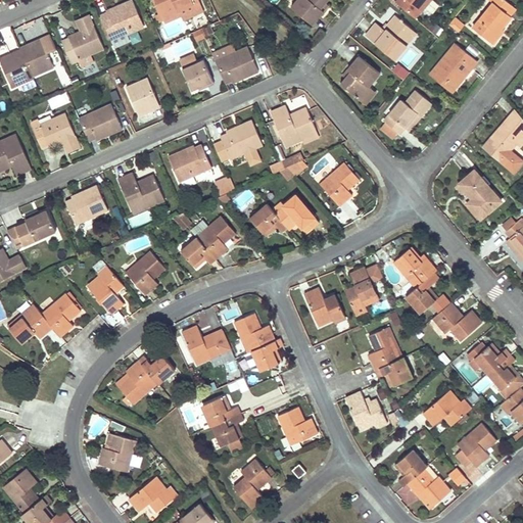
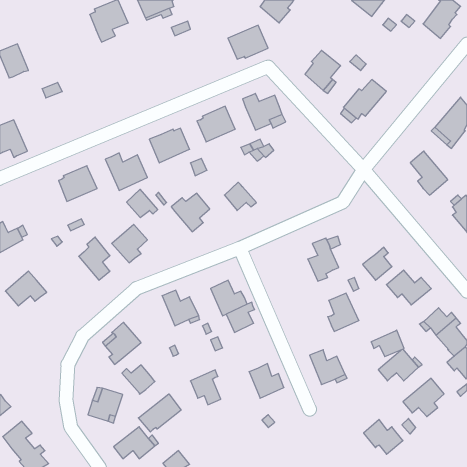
building: [60,14,103,67] -> none
building: [365,15,416,60] -> none
building: [18,34,55,77] -> none
building: [429,43,476,93] -> none
building: [213,47,258,85] -> [228,25,268,59]
building: [182,60,212,91] -> none
building: [126,80,159,117] -> none
building: [78,104,122,142] -> none
building: [31,114,80,154] -> none
building: [319,162,358,206] -> none
building: [271,195,318,233] -> none
building: [6,210,56,249] -> none
building: [180,237,215,269] -> [127,189,158,218]
building: [392,247,435,285] -> none
building: [303,287,345,327] -> none
building: [41,291,80,336] -> none
building: [138,351,175,384] -> [122,365,155,394]
building: [373,358,410,387] -> [371,330,404,357]
building: [203,396,240,426] -> none
building: none -> [138,394,181,432]
building: [392,450,425,487] -> none
building: [233,459,272,509] -> none

